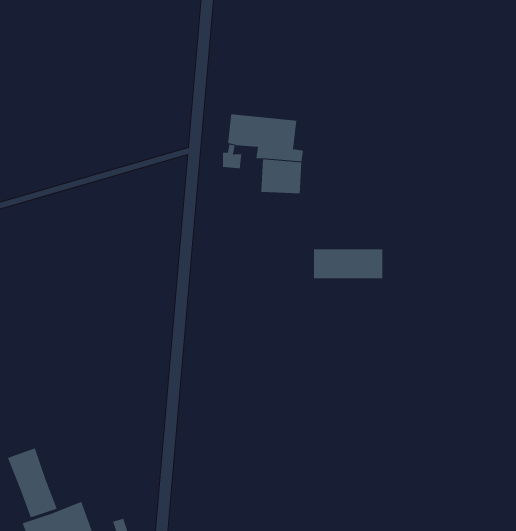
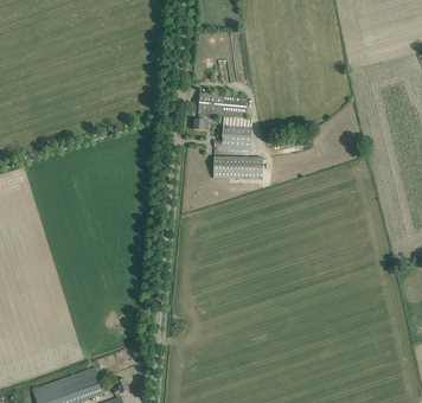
building: [313,249,383,279] -> [212,156,262,178]
building: [7,447,58,518] -> none

